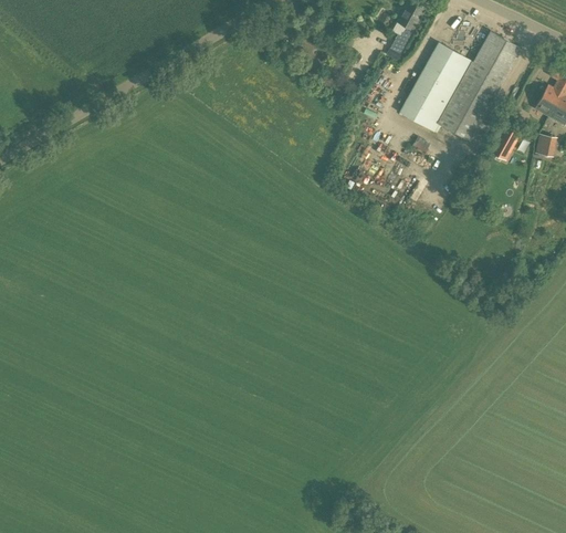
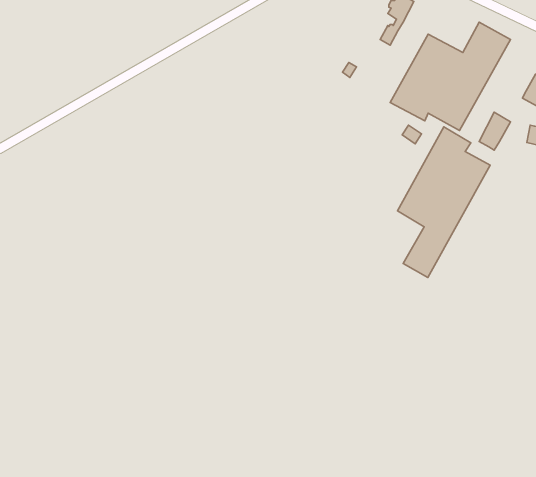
building: none -> [397,127,490,277]

